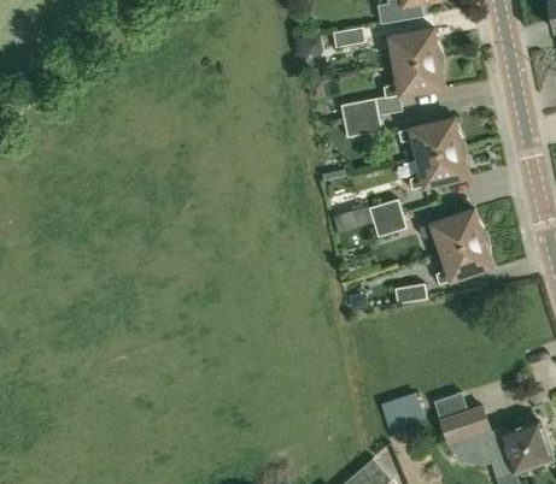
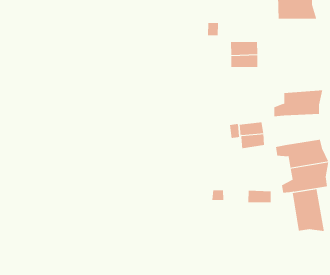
building: [382,58,444,99] -> none
building: [396,117,467,158] -> none
building: none -> [292,189,325,232]

